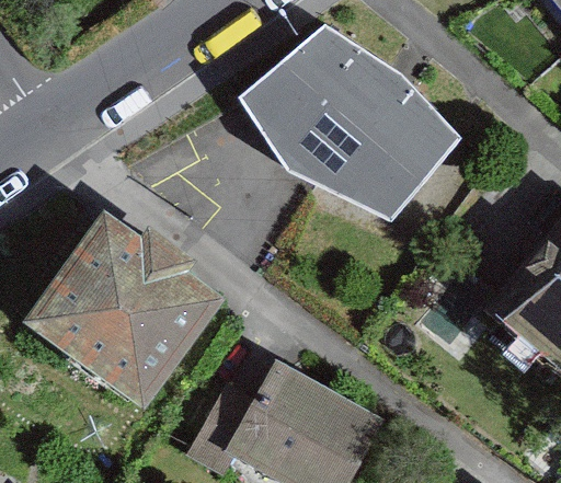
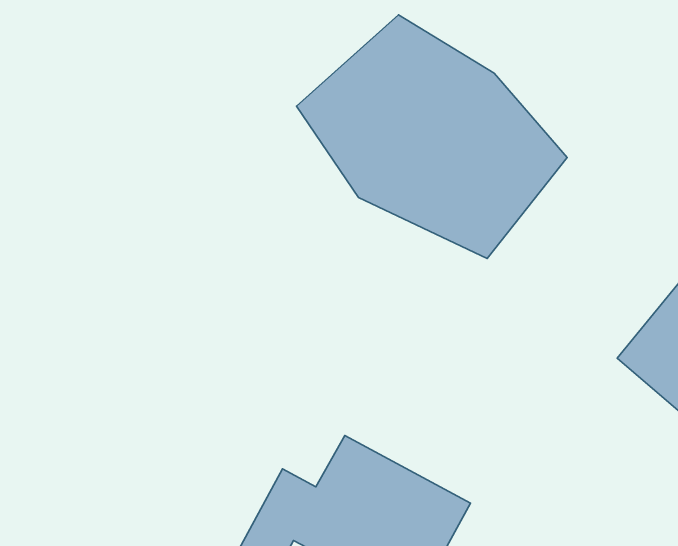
building: [33,228,210,403] -> none

